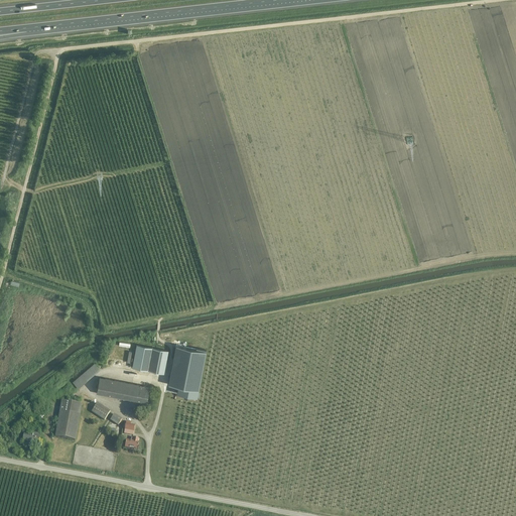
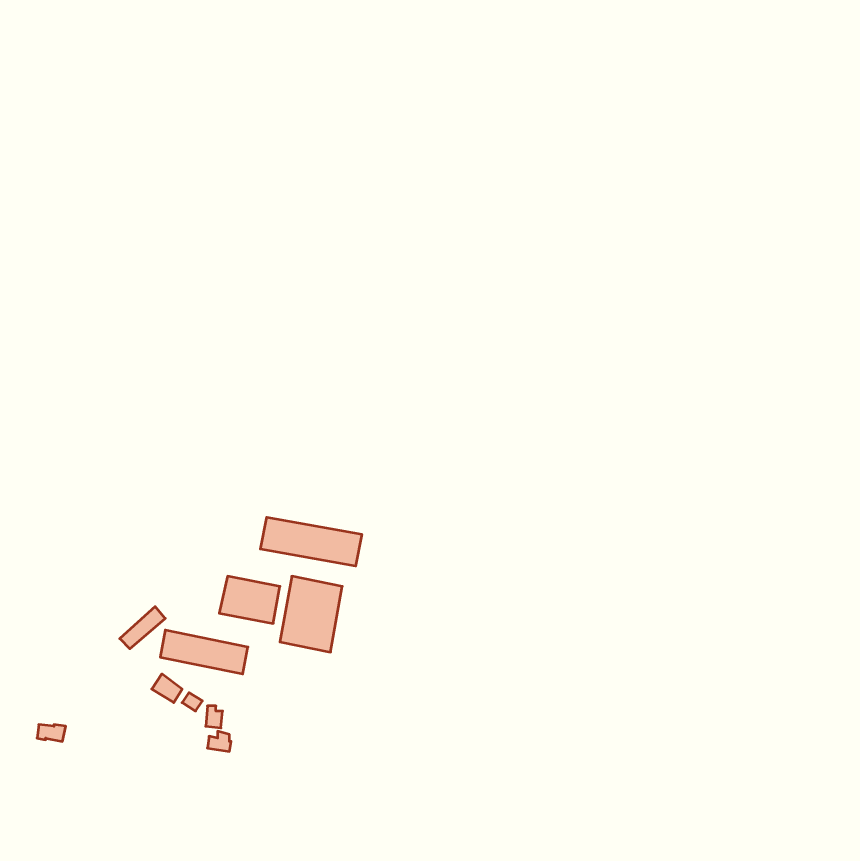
building: none -> [260,517,362,566]
building: [54,401,81,440] -> none

